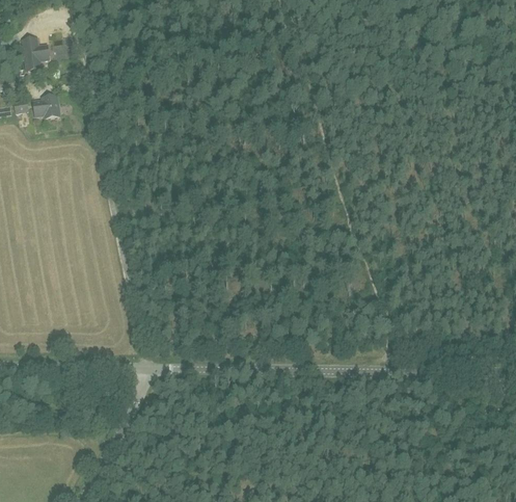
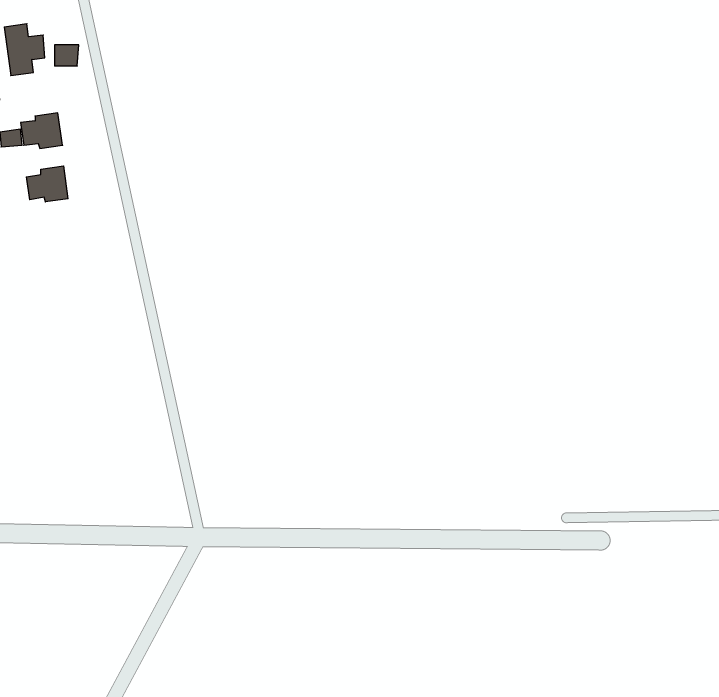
building: none -> [26,166,68,202]

